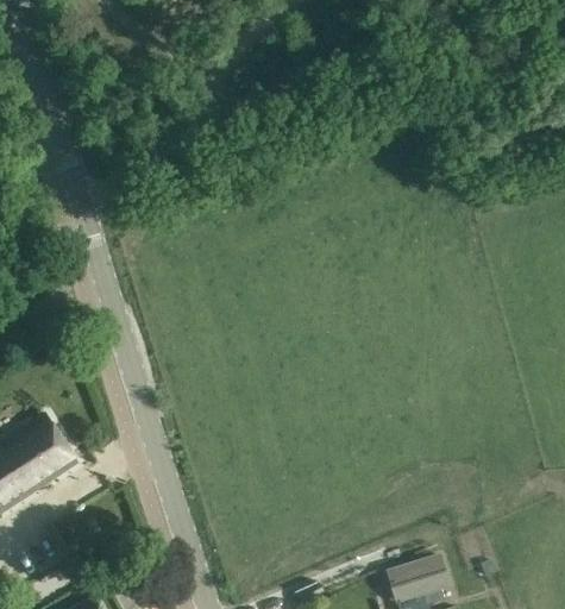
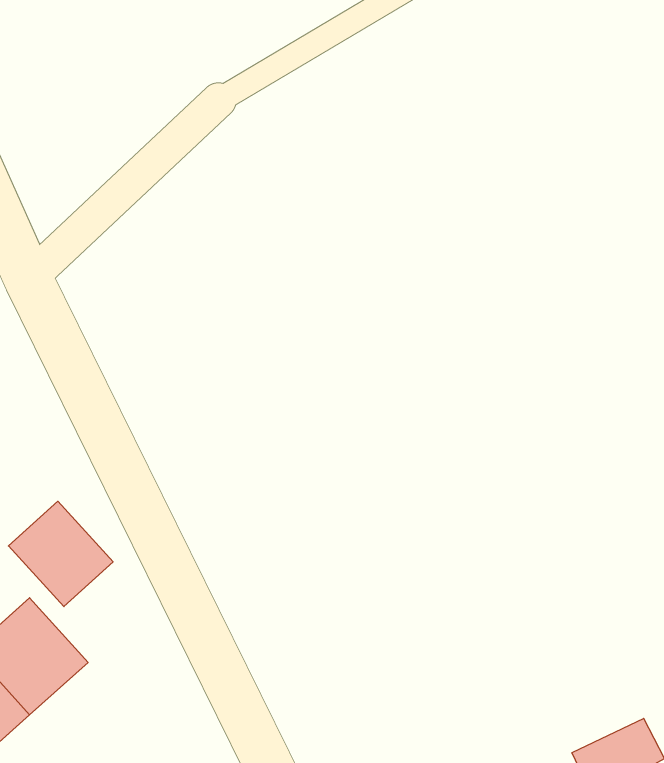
building: none -> [8,501,113,607]

